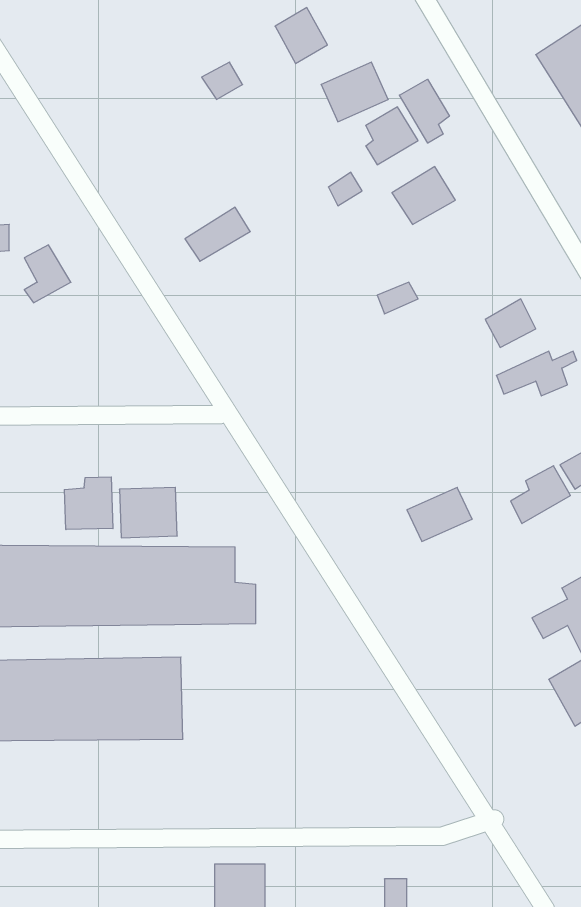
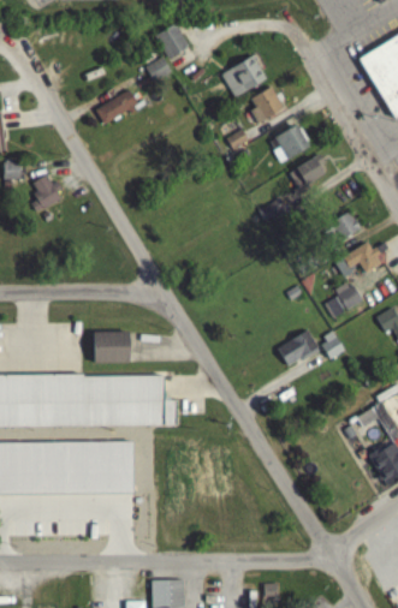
building: [275,8,327,64] -> [155,23,189,59]
building: [399,79,449,143] -> none
building: [185,207,250,261] -> [96,90,138,125]
building: none -> [289,155,328,190]
building: [511,466,570,524] -> [326,281,364,318]
building: [64,477,113,530] -> none

